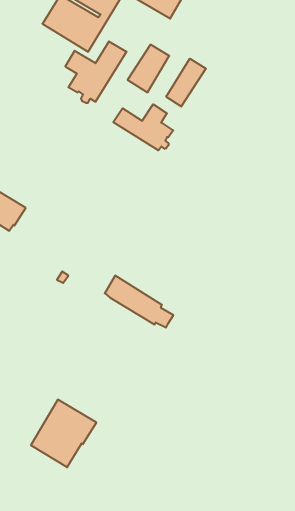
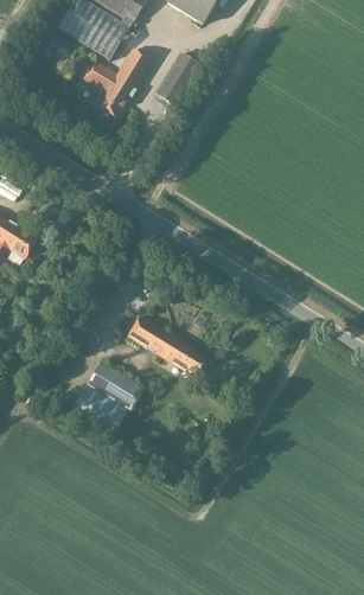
building: [166,59,206,107] -> none
building: [113,104,173,150] -> none
building: [31,400,96,467] -> [71,359,146,436]

